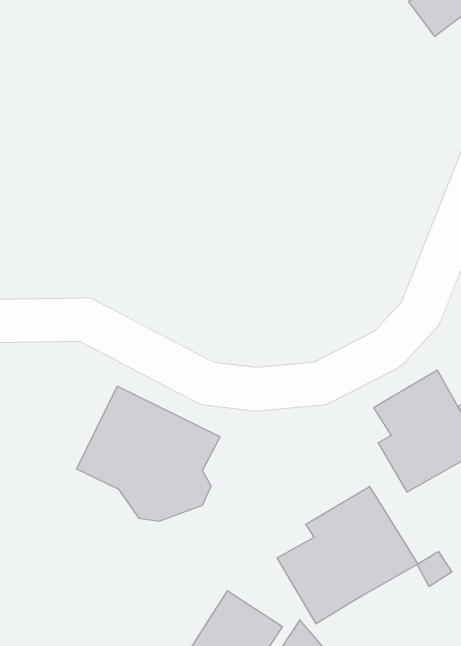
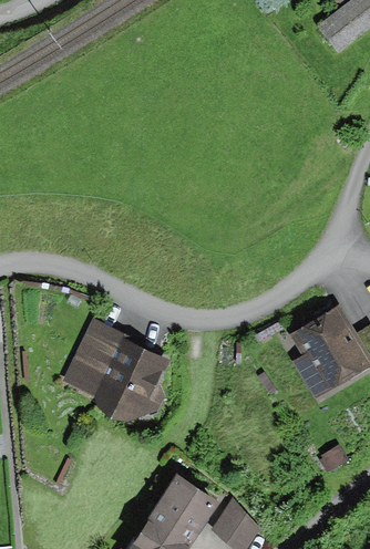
building: [277,486,418,624] -> none

